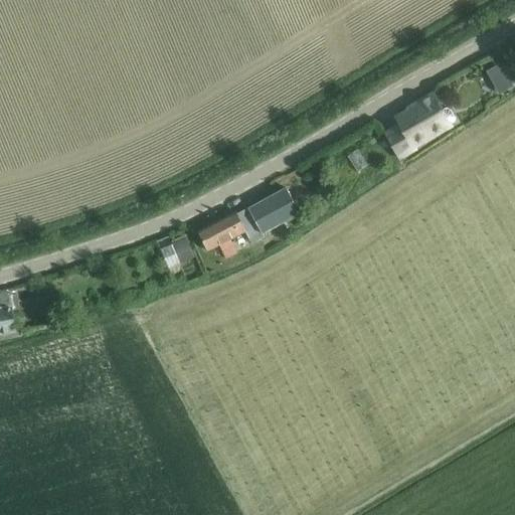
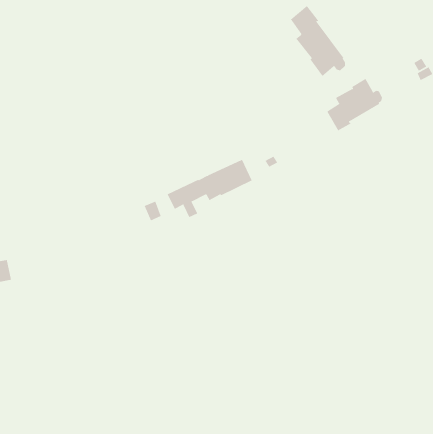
building: none -> [290,5,346,77]

